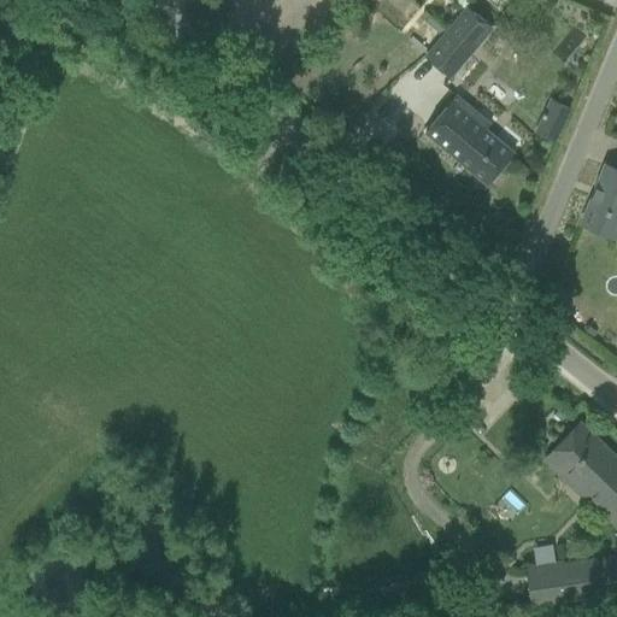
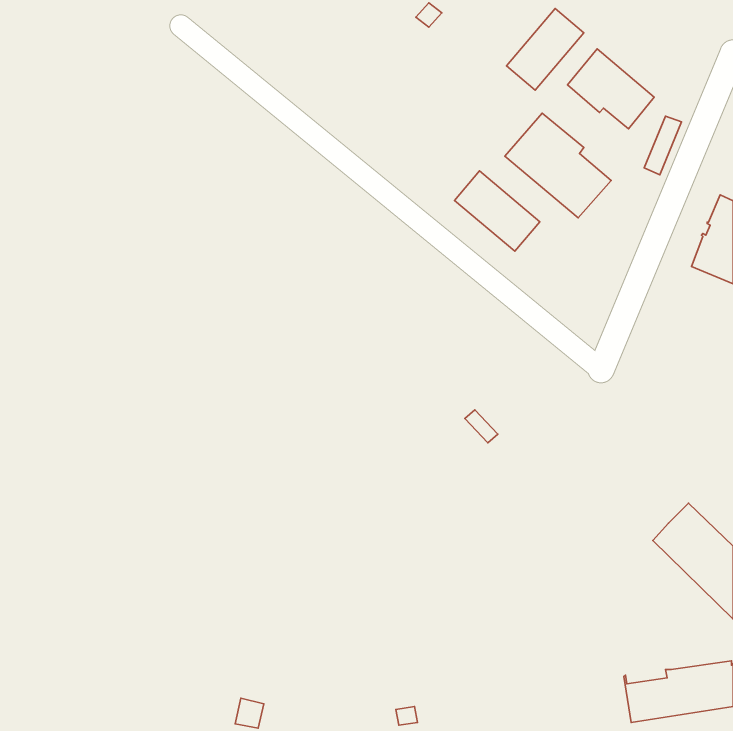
building: none -> [568,49,654,129]
building: none -> [455,171,540,251]

